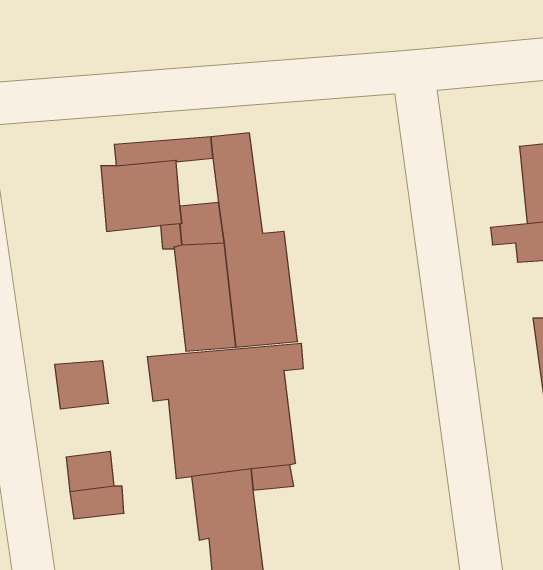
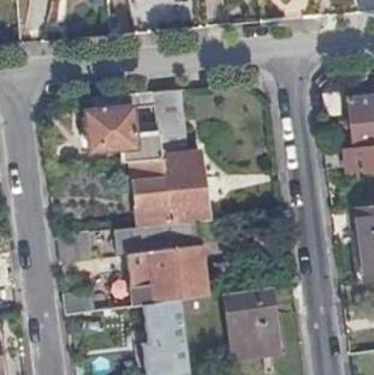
building: none -> [226,288,277,353]

